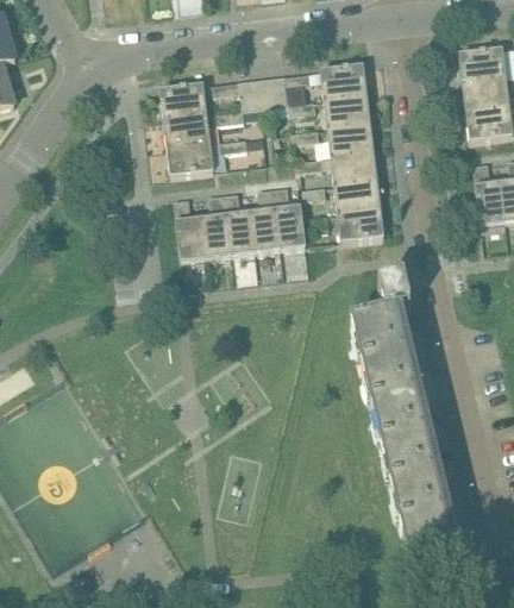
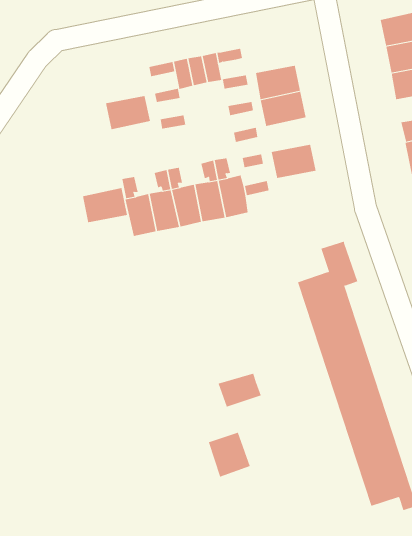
building: [321,64,368,99] -> none
building: [161,84,207,118] -> none
building: [168,140,214,175] -> [82,187,128,223]
building: [331,150,377,183] -> none
building: [338,207,384,242] -> none
building: none -> [218,373,261,407]
building: none -> [208,432,251,478]

